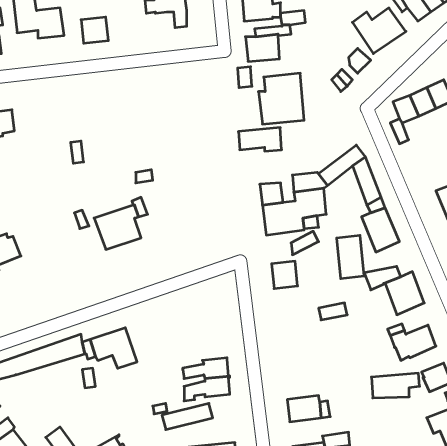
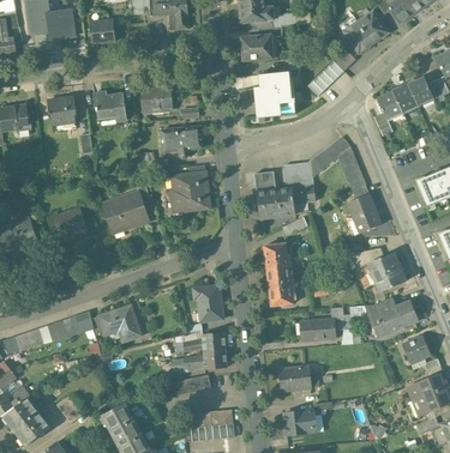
building: none -> [140,85,172,111]
building: none -> [92,91,125,120]
building: none -> [46,96,74,121]
building: [238,128,282,151] -> [161,126,200,147]
building: none -> [169,171,210,212]
building: none -> [49,210,85,243]
building: [337,235,364,279] -> [266,266,292,306]
building: none -> [192,285,222,321]
building: [371,373,420,398] -> [299,318,343,340]

